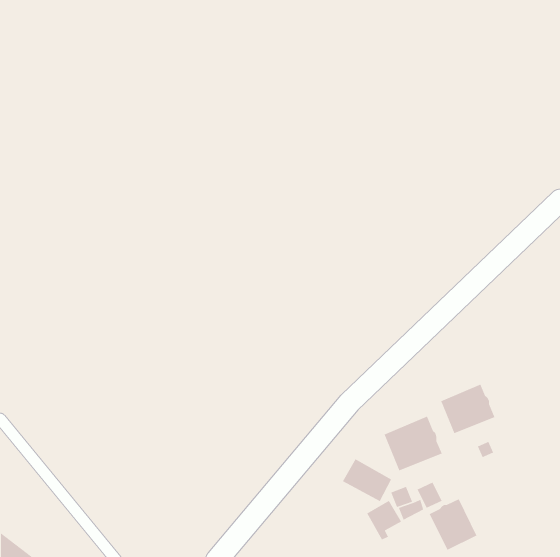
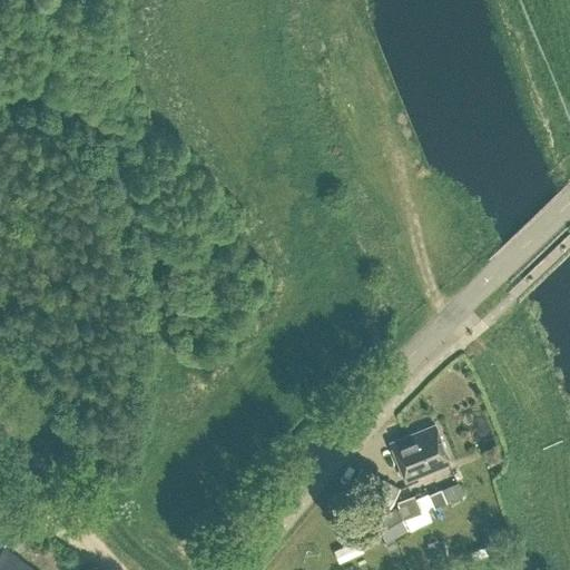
building: [440,384,495,434] -> none
building: [428,498,477,551] -> none

